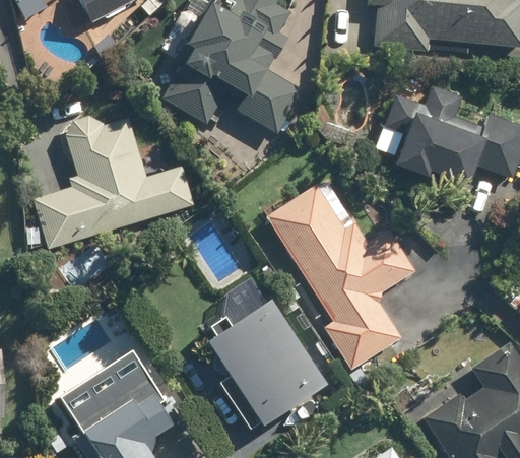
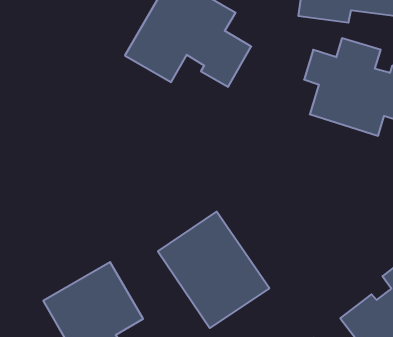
building: [31,108,204,251] -> none
building: [264,185,415,371] -> none

